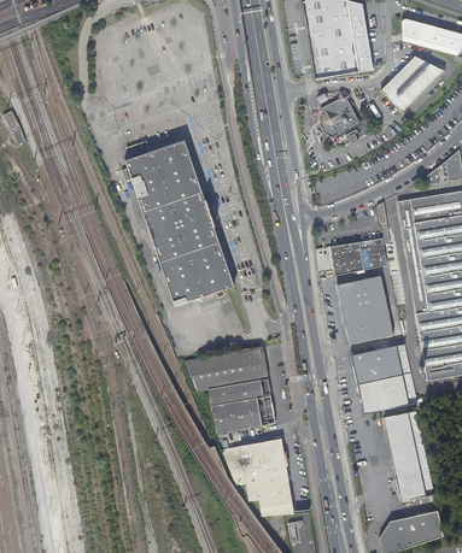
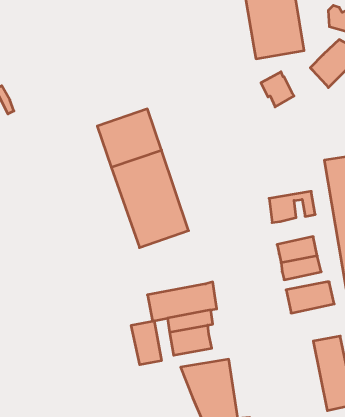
building: [338,275,385,301] -> none
building: [358,372,416,413] -> none
building: none -> [131,321,161,365]

